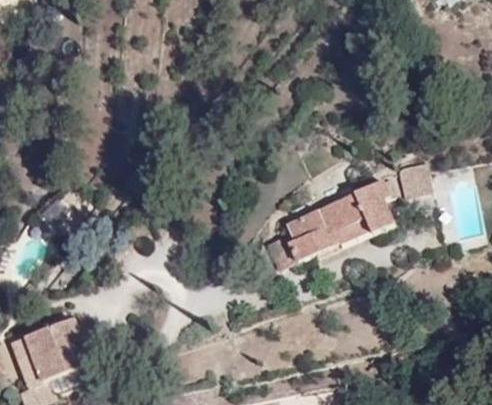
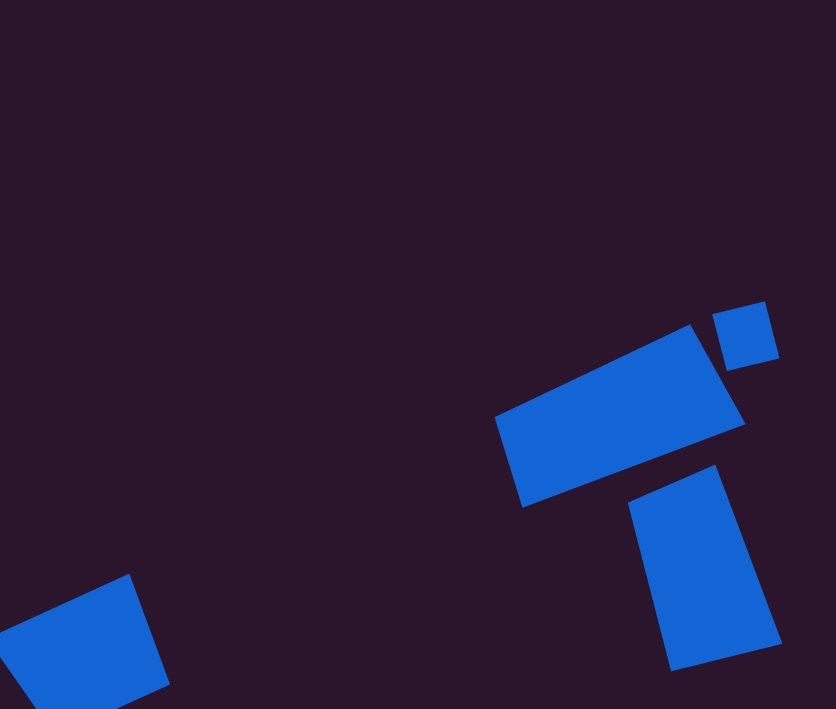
building: none -> [627,464,784,672]

